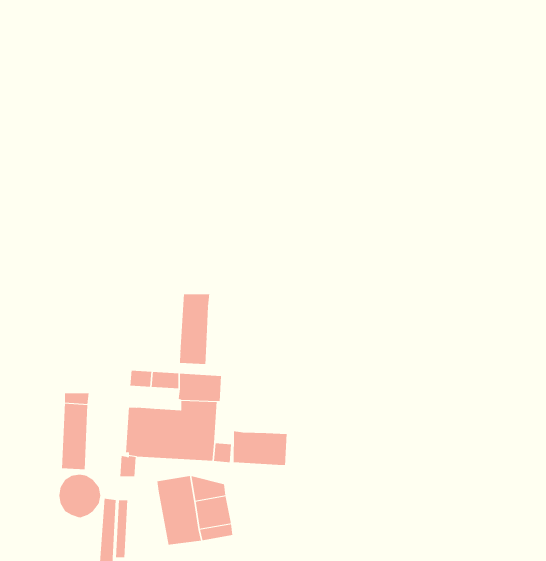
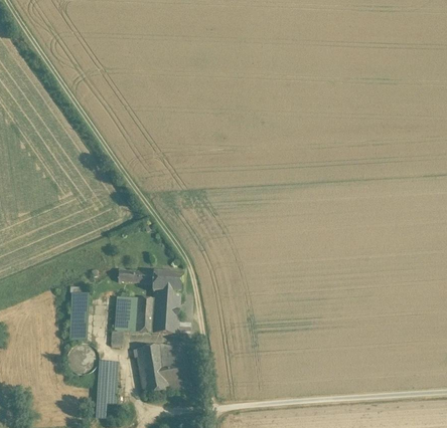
building: [180,294,210,365] -> none
building: [233,431,287,466] -> none

